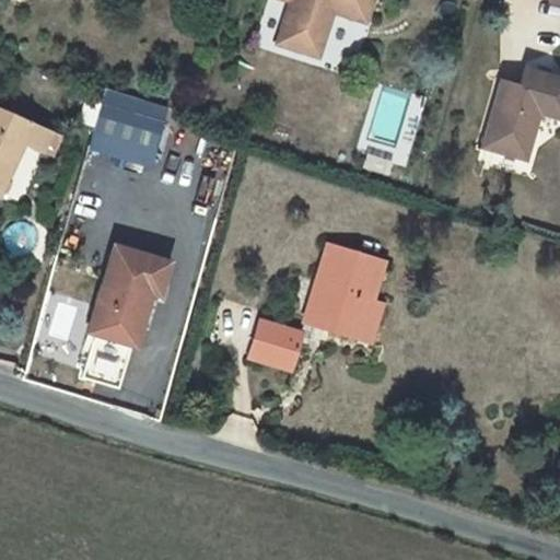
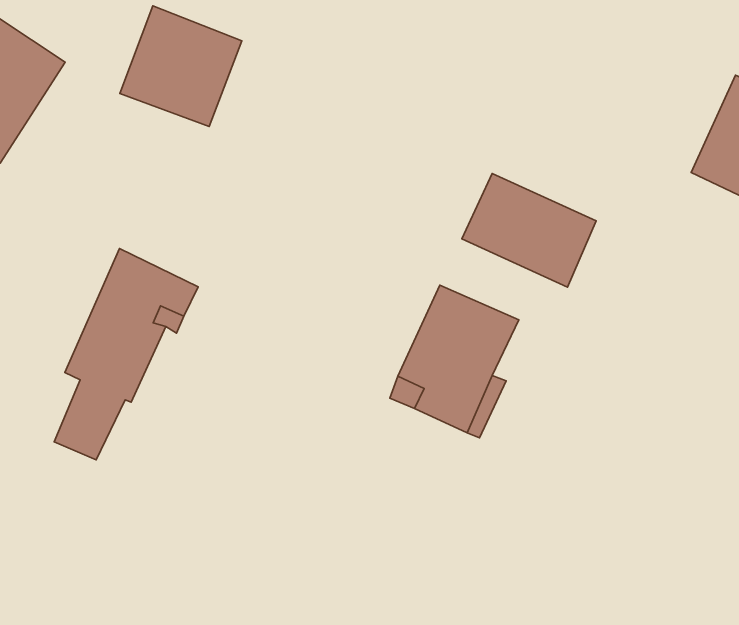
building: none -> [462,174,596,287]
building: [247,324,301,373] -> none

